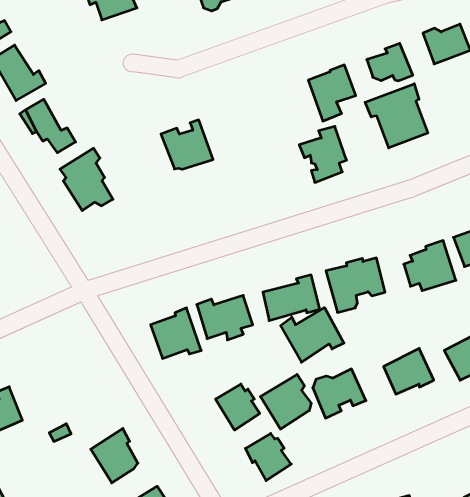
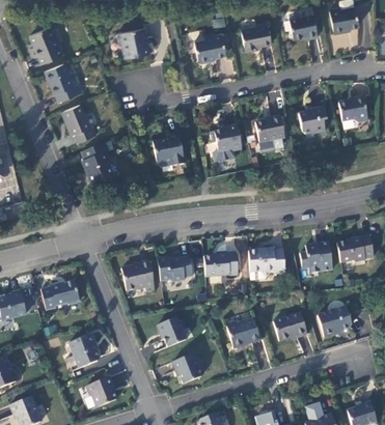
building: [365,84,428,148] -> none
building: [299,126,347,182] -> [211,124,241,160]
building: [281,308,344,362] -> none
building: none -> [42,279,78,309]
building: [260,374,311,429] -> none

